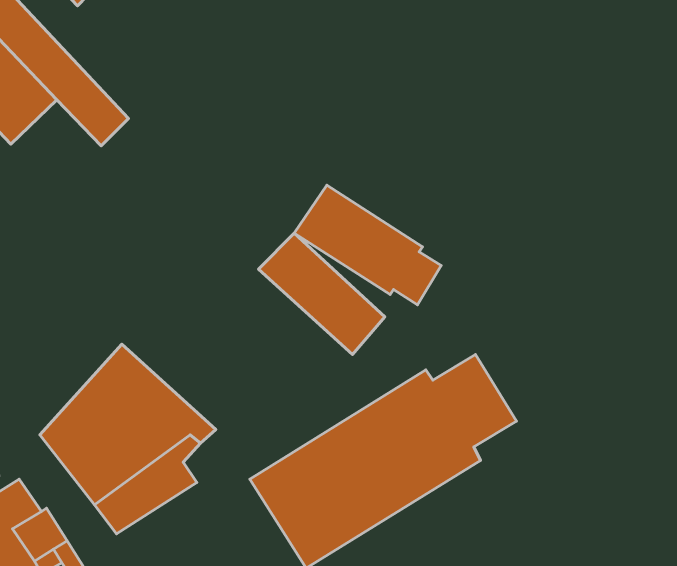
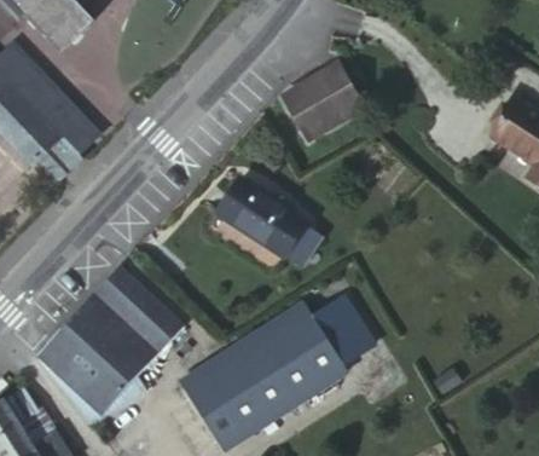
building: none -> [283,63,361,137]
building: none -> [15,119,82,179]
building: [258,233,385,354] -> [93,266,182,352]

